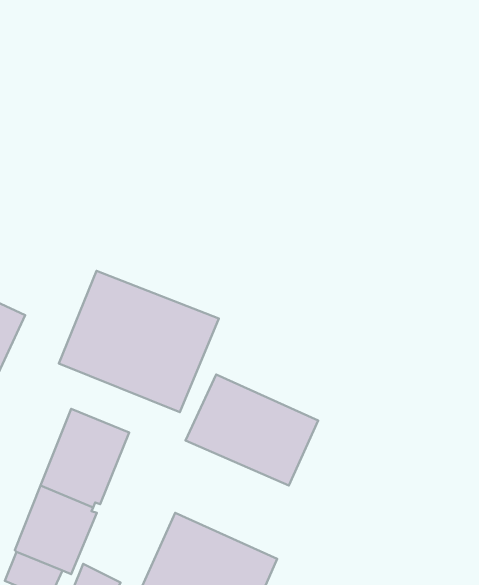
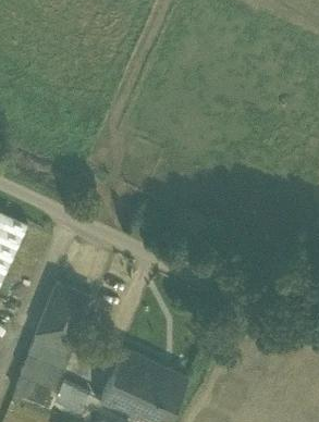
building: [59,271,219,412] -> none
building: [185,374,318,486] -> none

